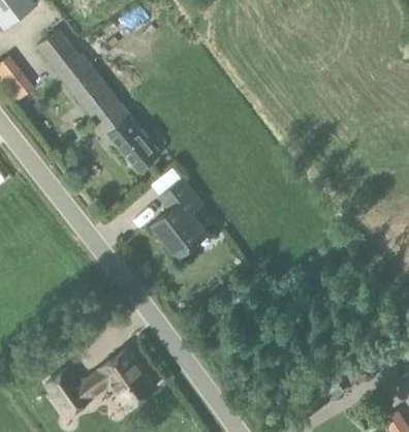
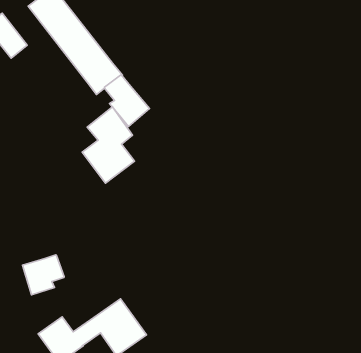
building: [153,176,207,254] -> [82,107,134,183]
building: none -> [22,255,64,295]

